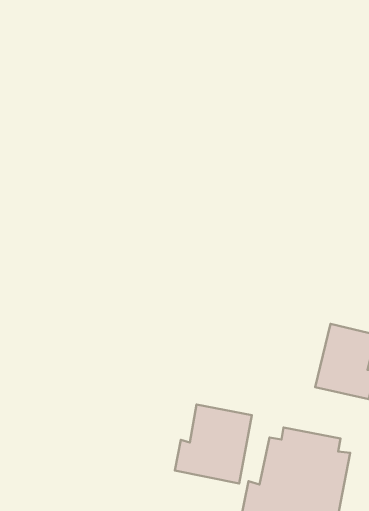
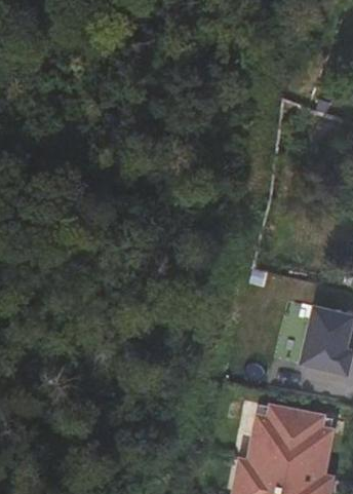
building: [175,405,252,483] -> none

